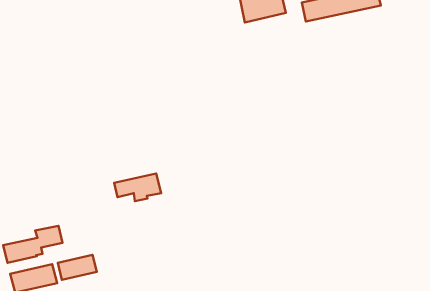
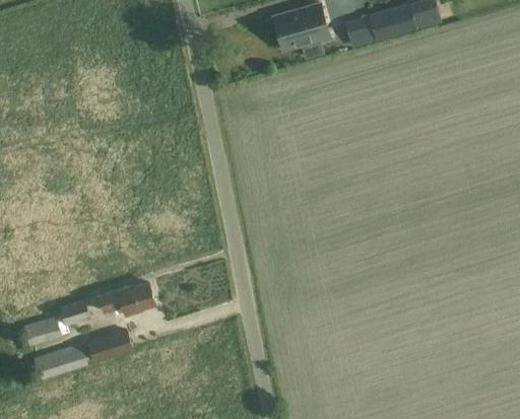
building: [114,173,161,201] -> [101,282,155,316]

